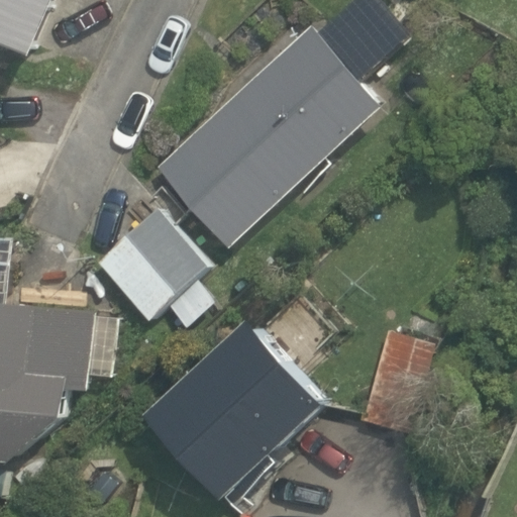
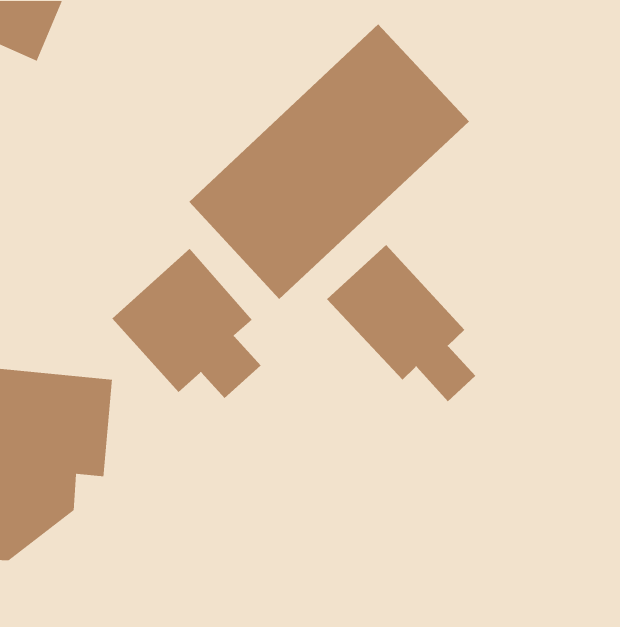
building: none -> [326,244,476,402]
building: [147,316,327,497] -> none

